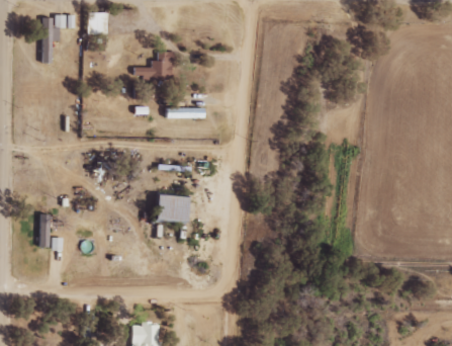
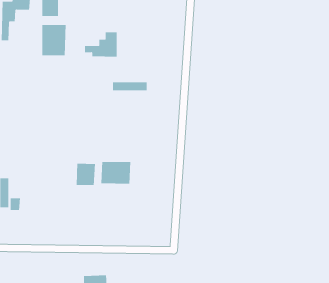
building: none -> [42,24,66,56]
building: none -> [76,163,96,186]

